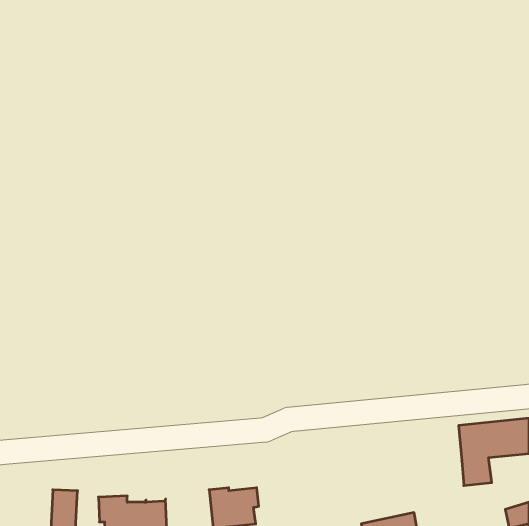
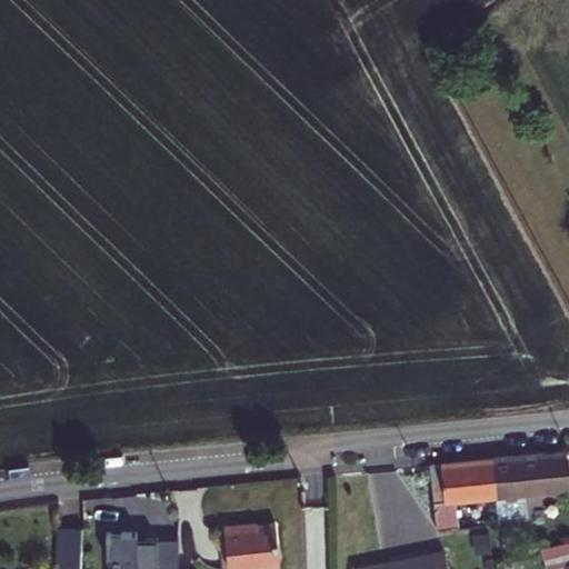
building: none -> [430,460,496,532]

